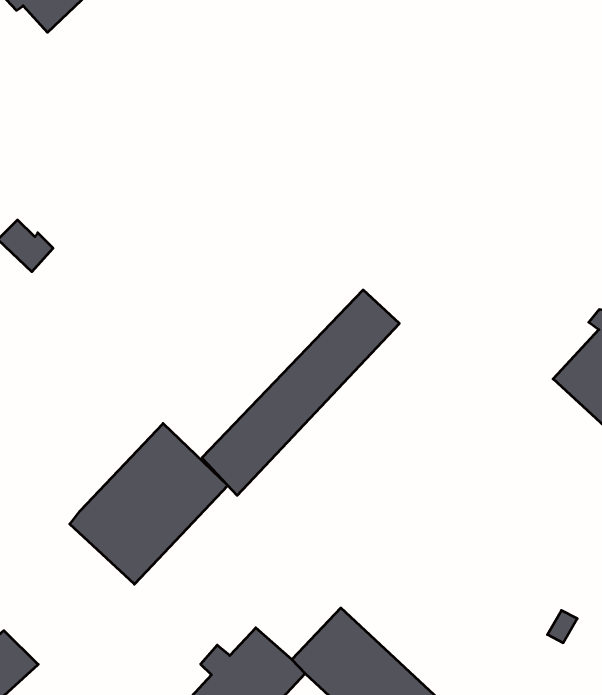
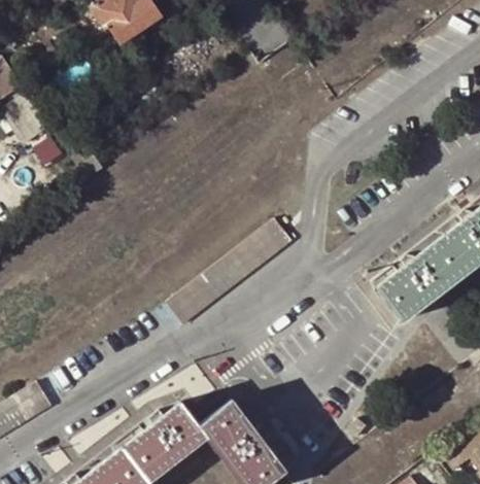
building: [70,423,228,584] -> none

